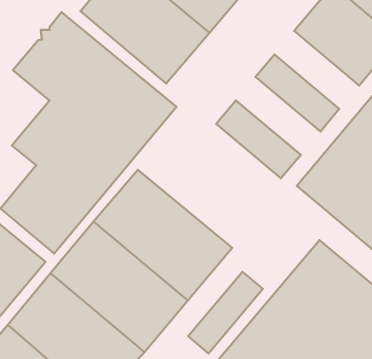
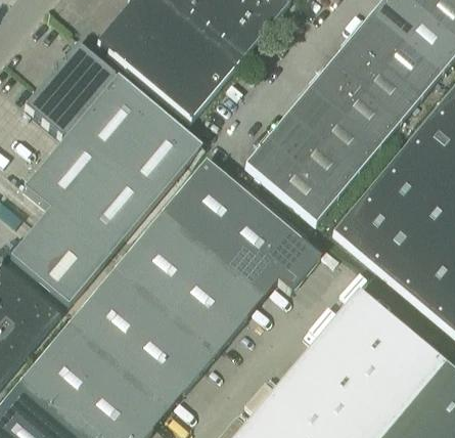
building: none -> [309,62,401,147]
building: none -> [267,113,359,198]
building: none -> [161,159,321,299]
building: [188,272,263,353] -> none

